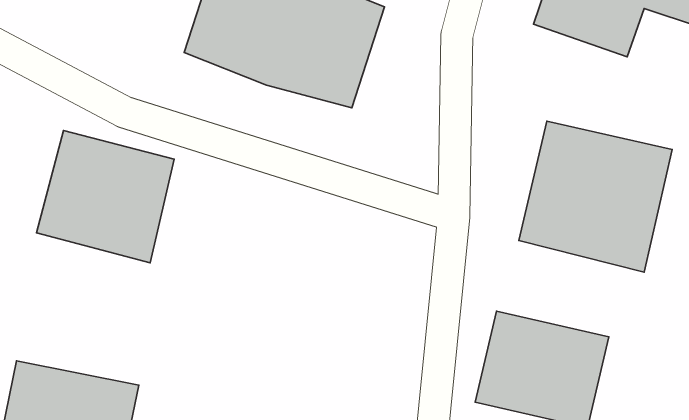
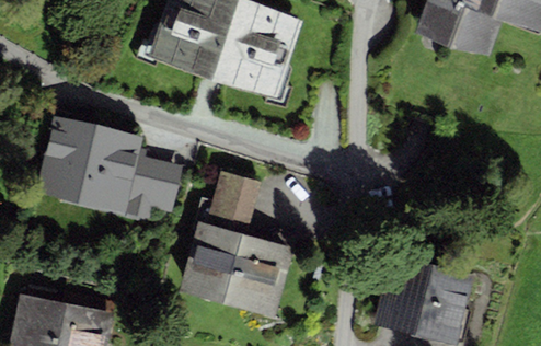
building: [519,121,672,272] -> none
building: none -> [126,154,184,214]
building: none -> [176,171,293,319]

